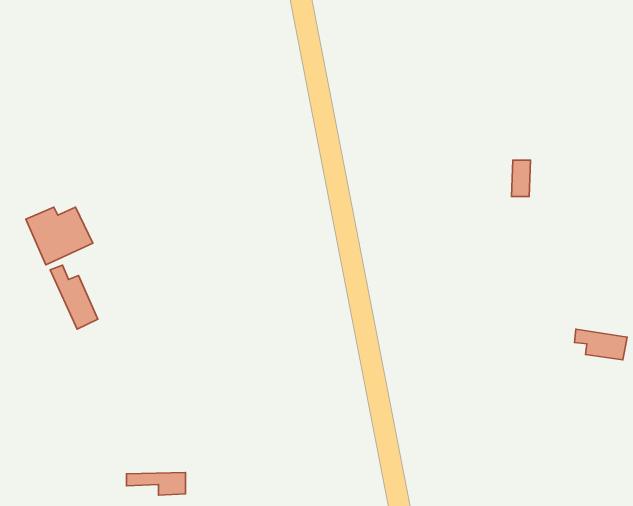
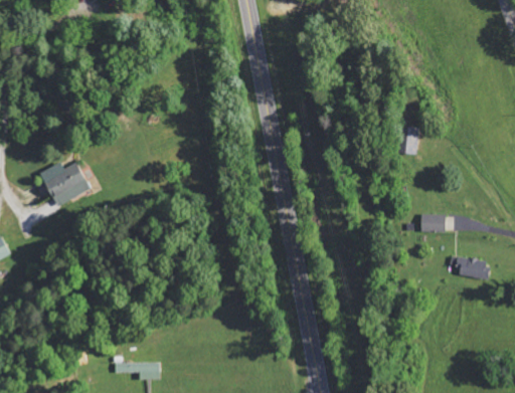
building: [50,265,98,329] -> none
building: none -> [420,214,446,232]

